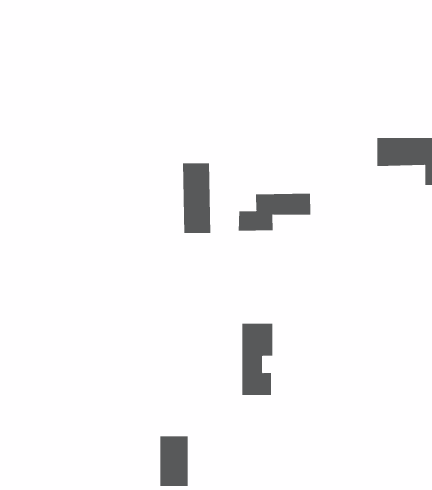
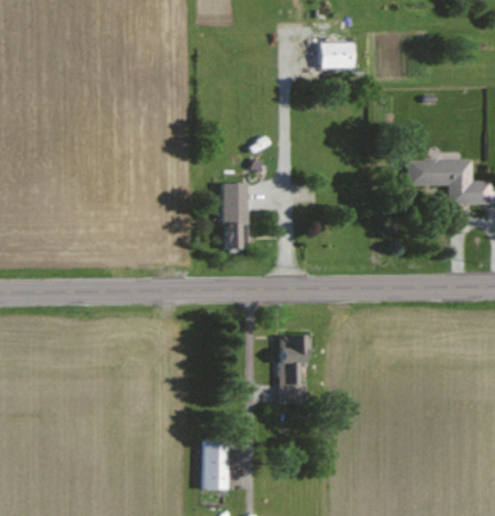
building: none -> [318,42,354,68]
building: [238,193,311,231] -> none

